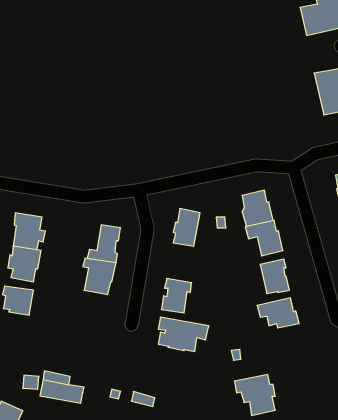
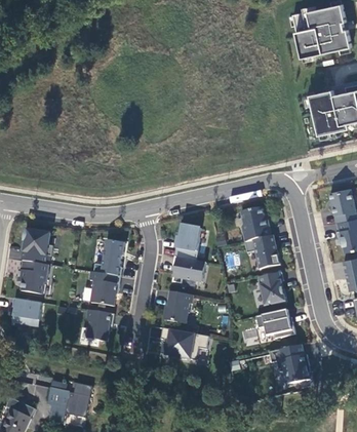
building: none -> [171,257,205,283]
building: none -> [83,309,113,341]
building: [234,375,275,416] -> [269,345,308,384]

